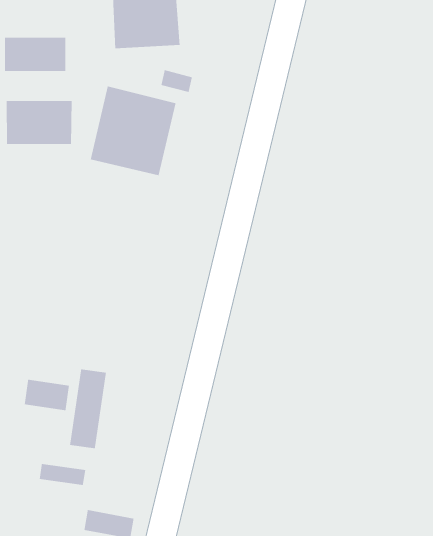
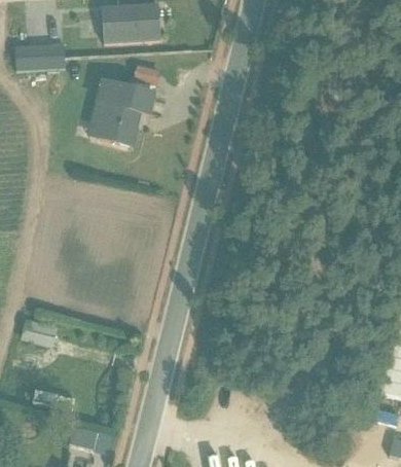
building: [6,100,72,145] -> none
building: [69,368,107,449] -> none

